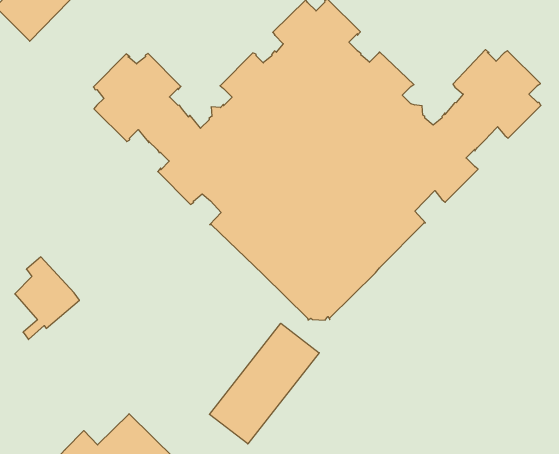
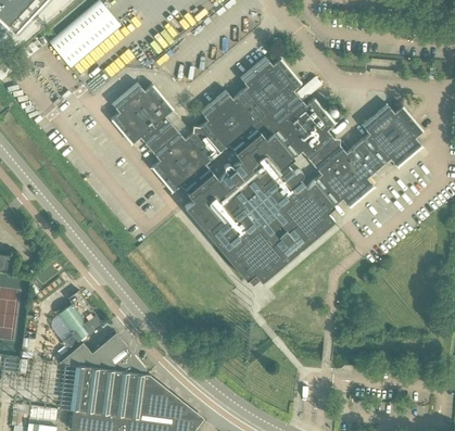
building: [15,257,79,340] -> [58,291,102,347]
building: [209,323,319,444] -> none

